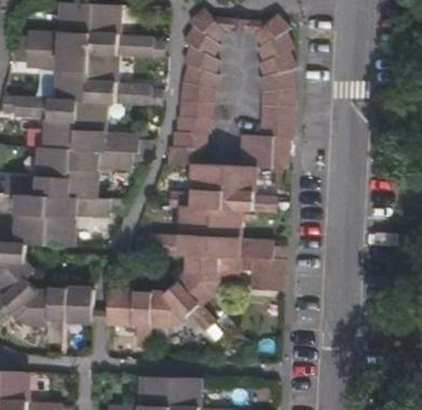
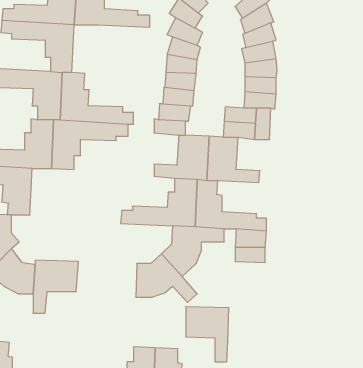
building: [87,52,164,104] -> none
building: [45,197,121,246] -> none
building: [109,292,153,348] -> [186,307,229,362]

